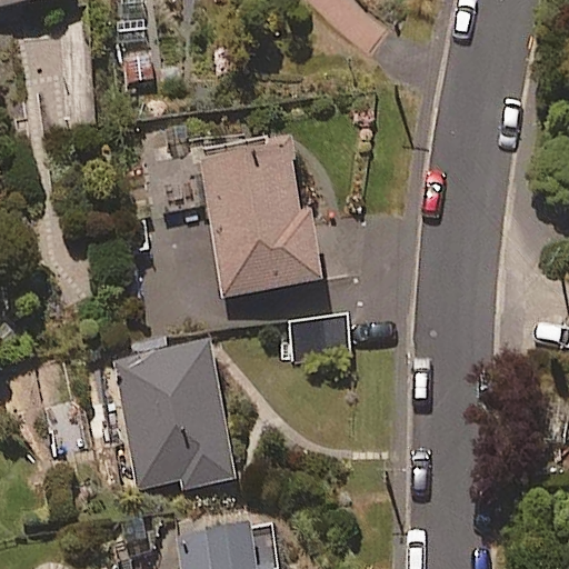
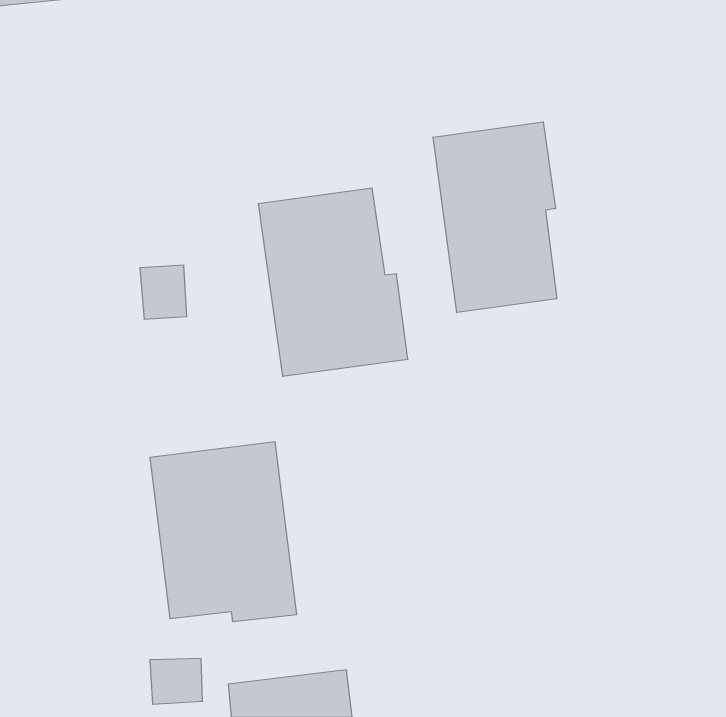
building: none -> [433,122,557,313]

